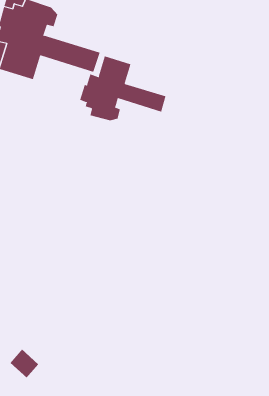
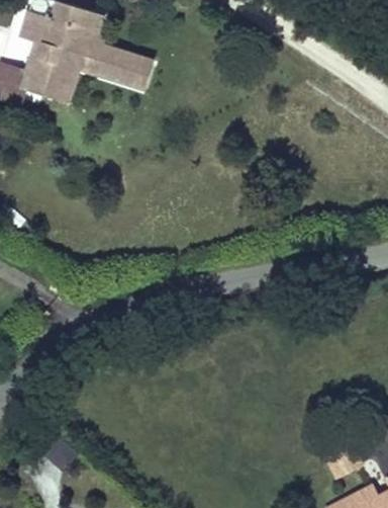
building: [79,56,166,121] -> none

